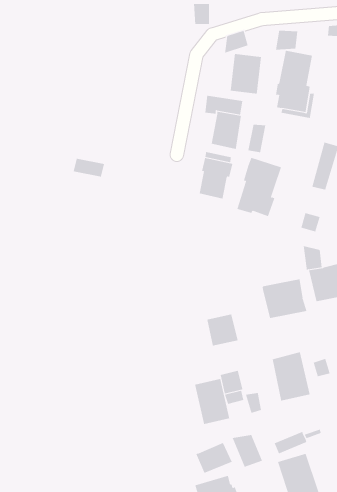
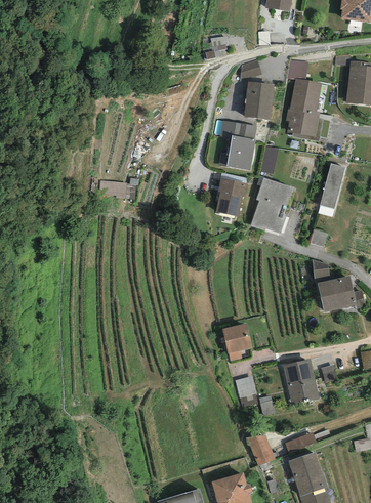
building: [262,278,307,319] -> none
building: [194,378,230,425] -> none
building: [195,442,233,474] -> none

